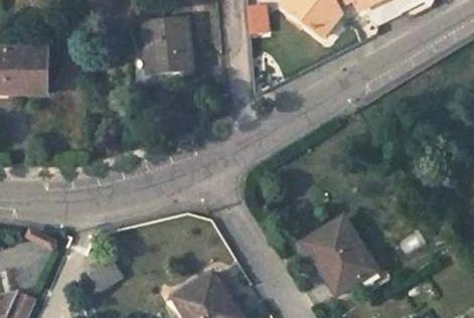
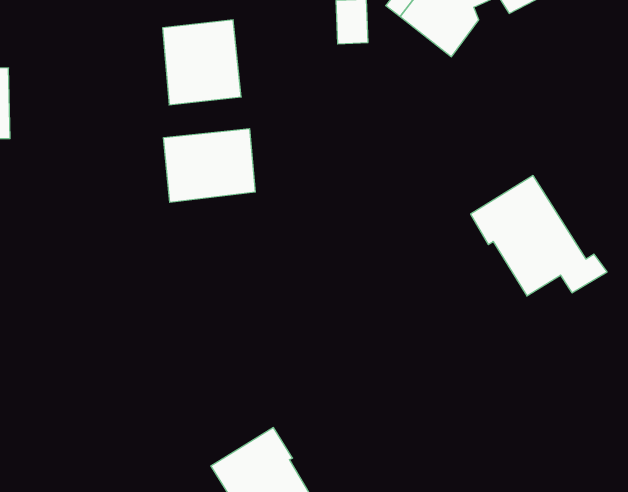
building: none -> [164,129,255,202]
building: [302,215,387,291] -> [471,176,607,296]

